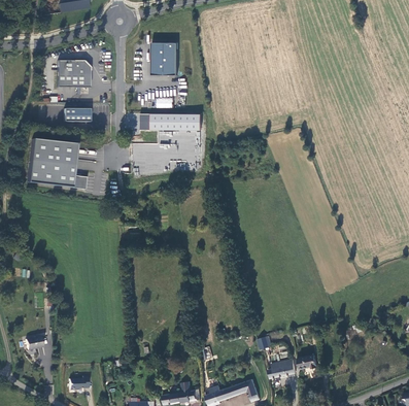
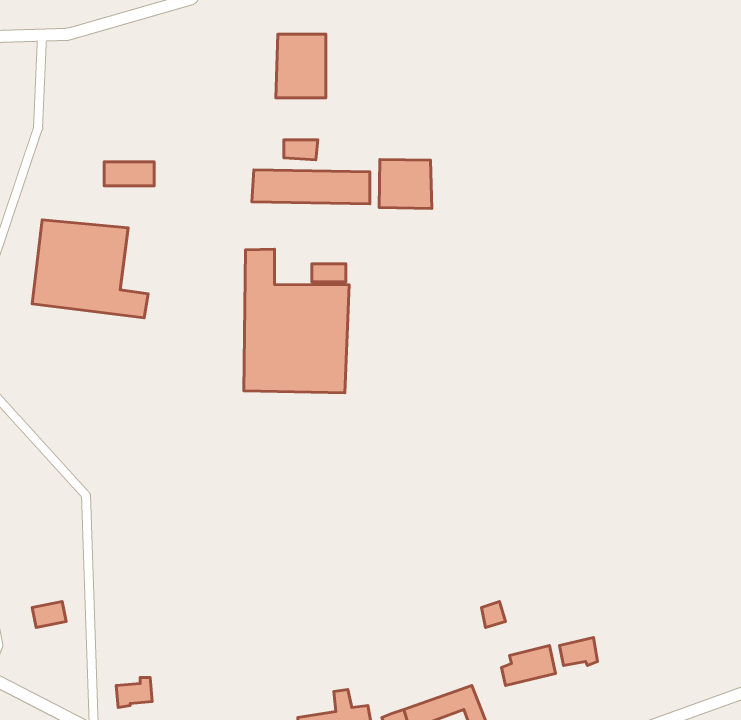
building: [56,59,90,94] -> none
building: none -> [379,159,432,209]
building: none -> [244,249,349,393]

